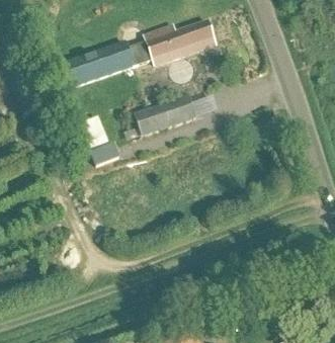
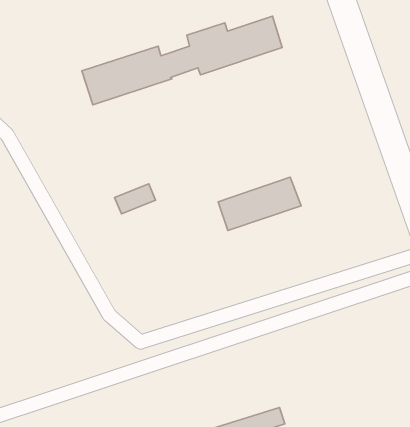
building: [134,95,195,135] -> [218,177,301,230]

